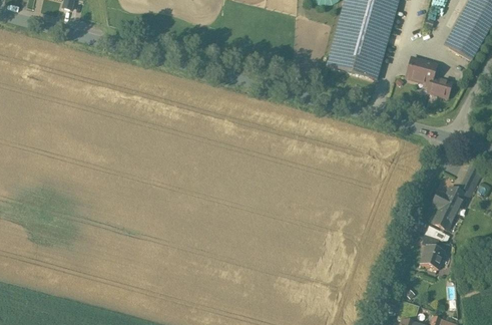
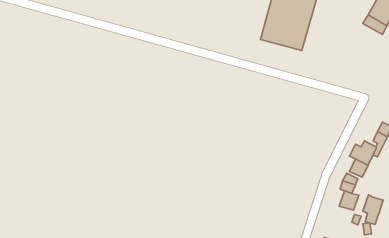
building: [405,56,451,96] -> none
building: none -> [363,195,384,224]

